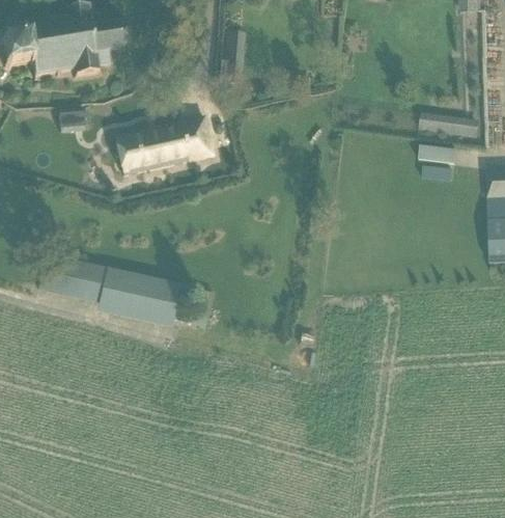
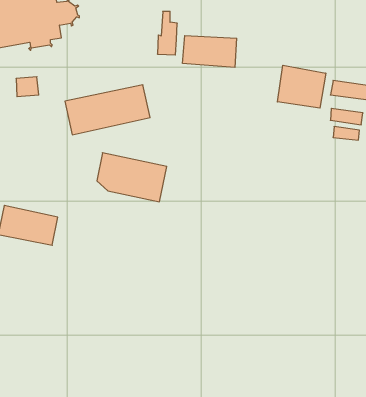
building: none -> [183,36,237,67]
building: none -> [277,65,326,108]
building: [101,269,180,325] -> [97,153,167,202]

